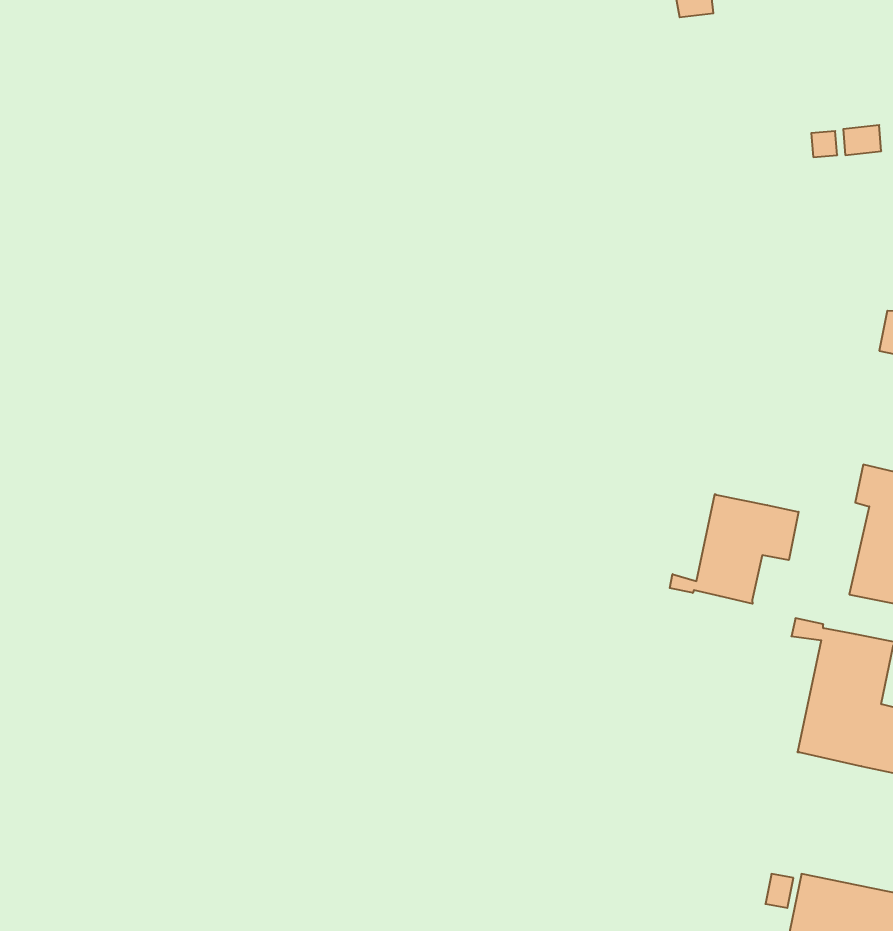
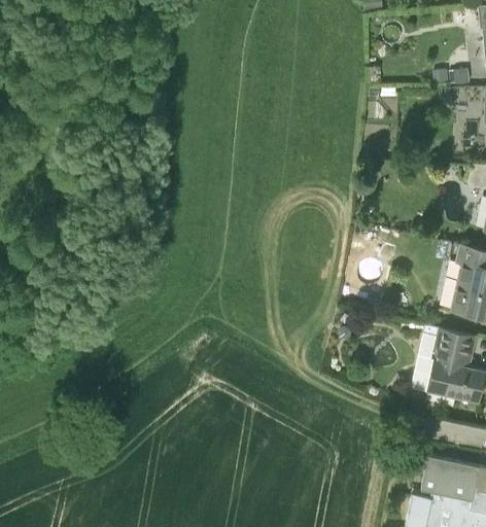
building: [670,494,799,604] -> none

